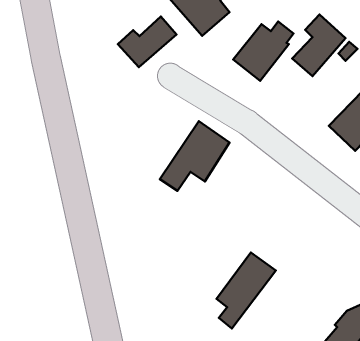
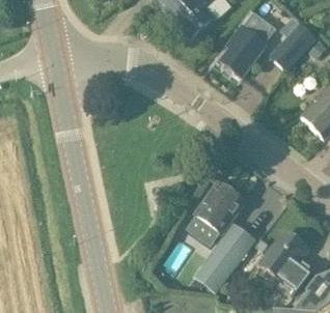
building: [118,16,177,67] -> none
building: [160,121,230,191] -> [185,180,246,241]
building: none -> [260,230,313,295]

